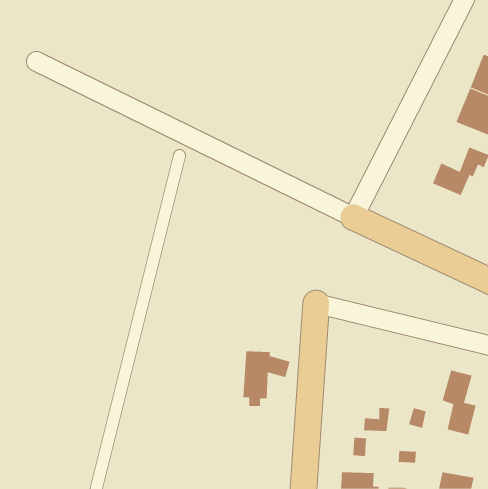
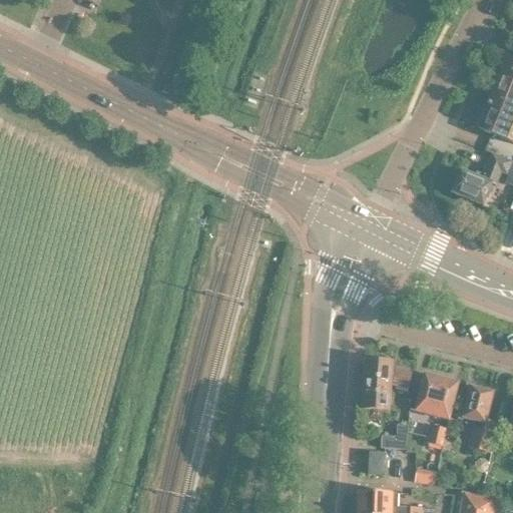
building: [243,351,291,407] -> [364,361,414,419]
building: none -> [416,374,459,419]

